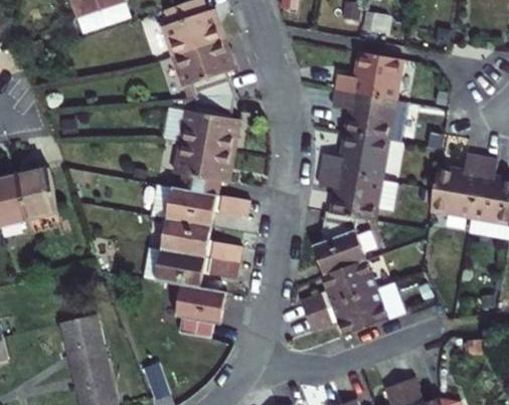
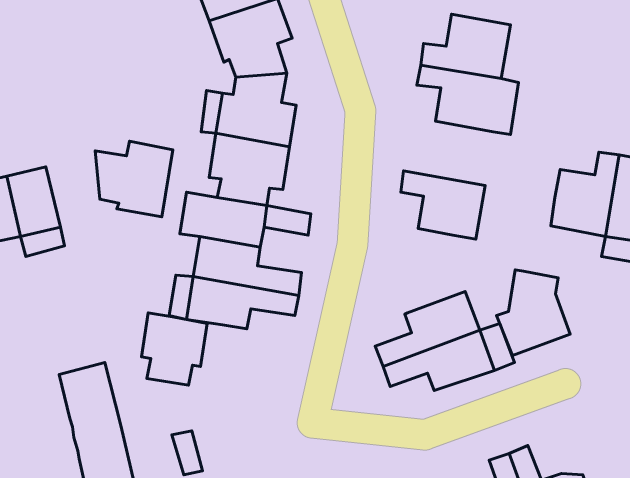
building: [320,132,387,180] -> none
building: none -> [95,141,173,217]
building: [311,211,366,275] -> [497,270,570,356]
building: [179,284,228,339] -> [142,313,207,385]

